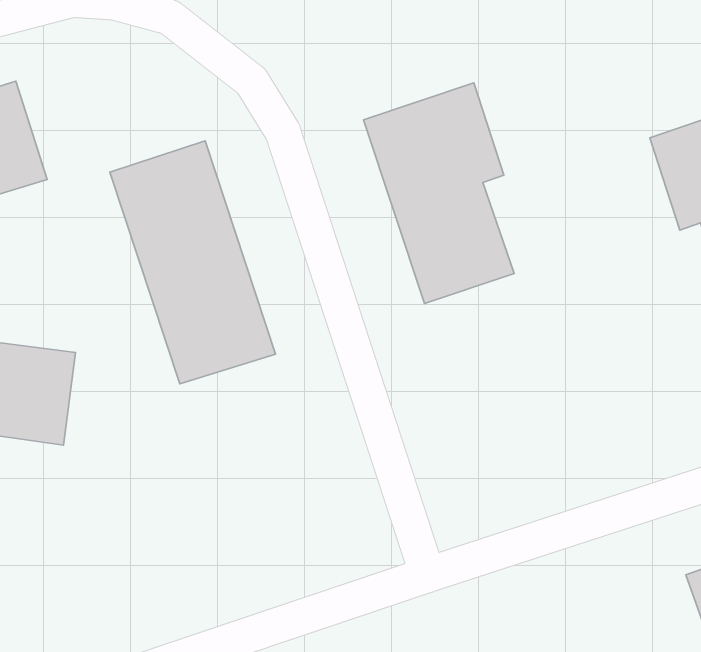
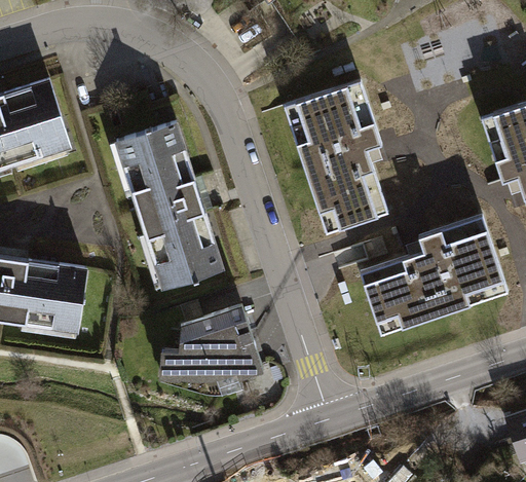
building: none -> [361,216,508,334]
building: none -> [163,308,264,383]

